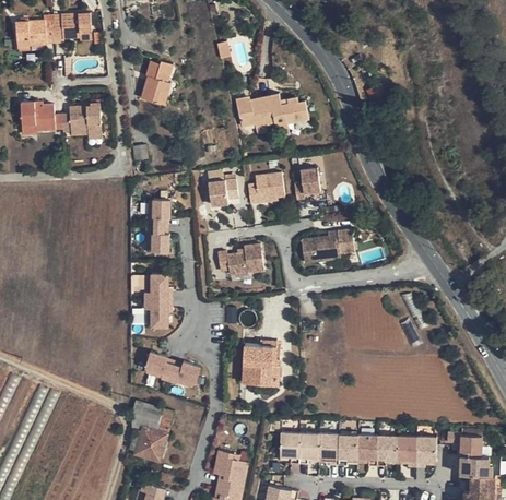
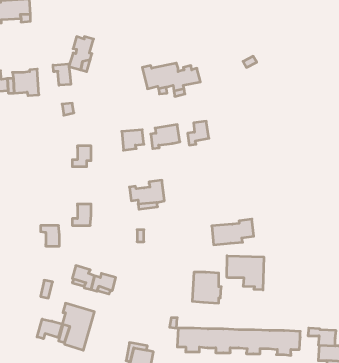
building: none -> [53,64,71,85]
building: [144,227,168,254] -> none
building: [302,230,355,263] -> [212,219,254,245]
building: [144,302,168,329] -> [41,226,59,246]
building: none -> [227,256,264,290]
building: [242,346,279,385] -> [192,272,221,303]
building: none -> [37,319,62,339]

